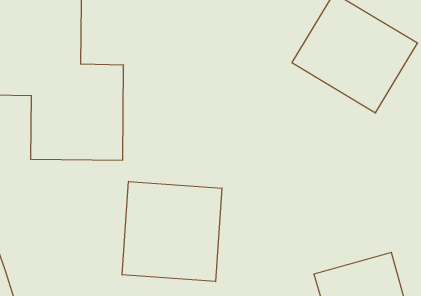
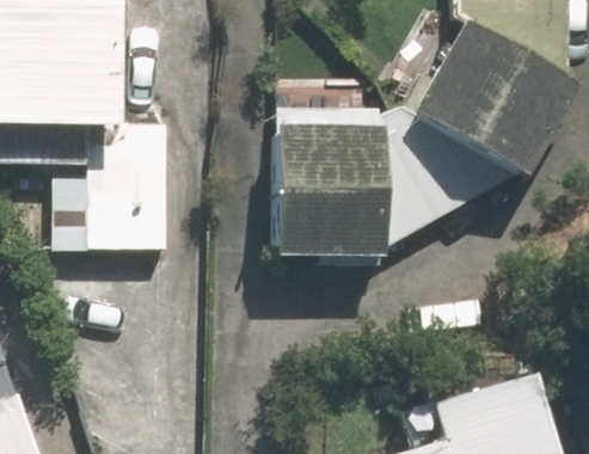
building: none -> [260,113,388,260]
building: [122,181,222,282] -> none

